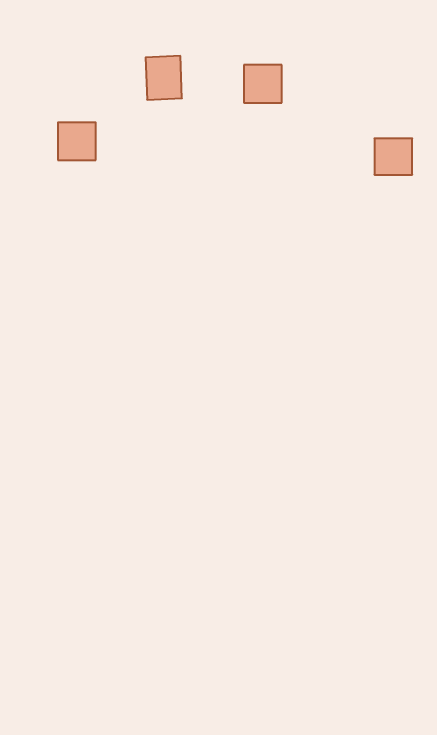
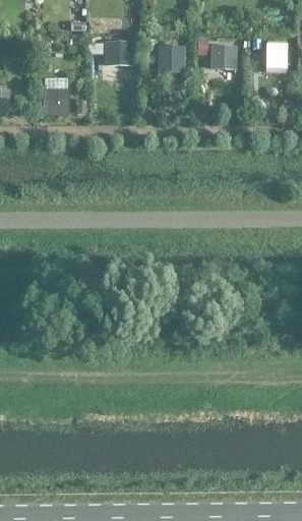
building: none -> [204,44,232,66]
building: [374,138,412,175] -> [266,45,292,69]

